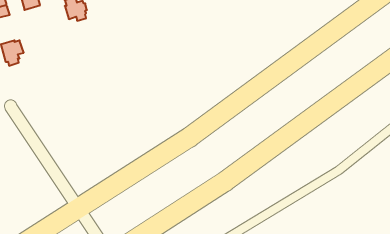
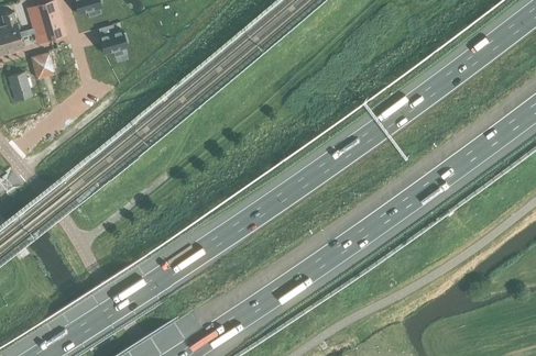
building: none -> [28,49,53,78]

